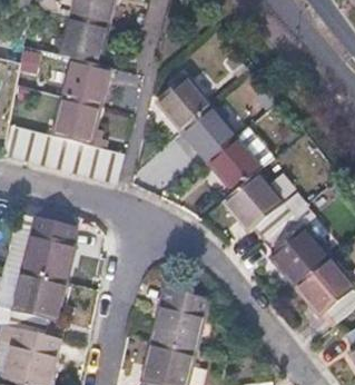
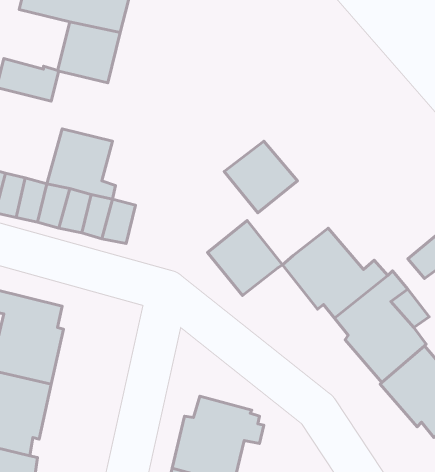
building: [66,61,111,109] -> none
building: [159,77,213,131] -> none
building: [208,138,263,192] -> [207,220,282,295]

